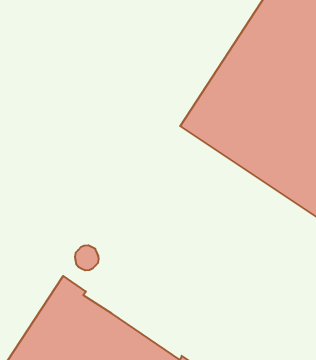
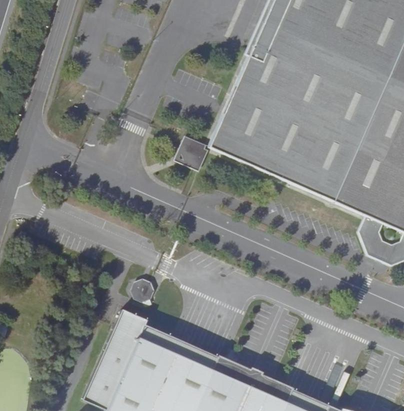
building: none -> [182,138,208,164]

